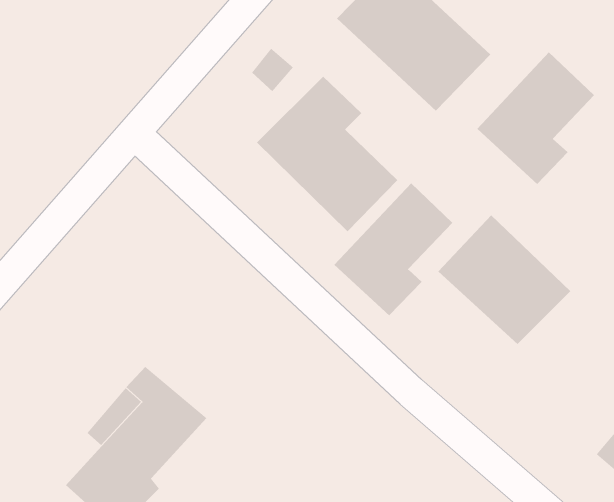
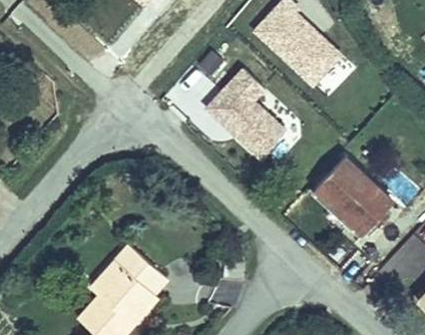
building: [477,52,595,185] -> none
building: [333,182,453,316] -> none

